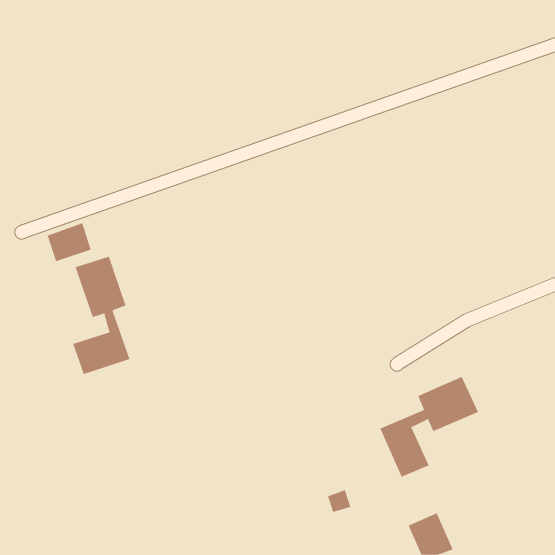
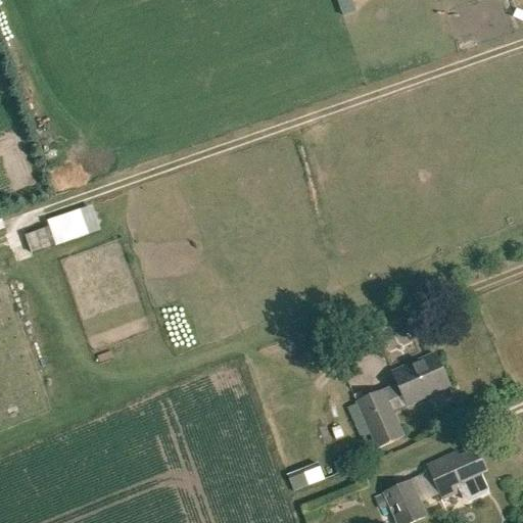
building: [72,256,130,375] -> none
building: none -> [424,448,483,498]

